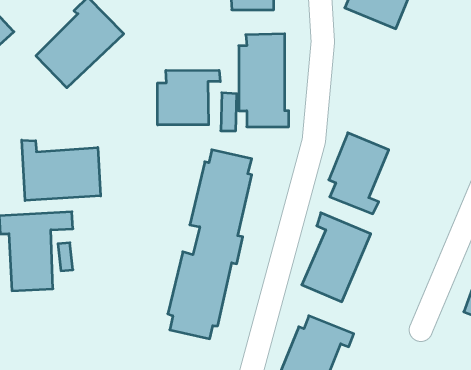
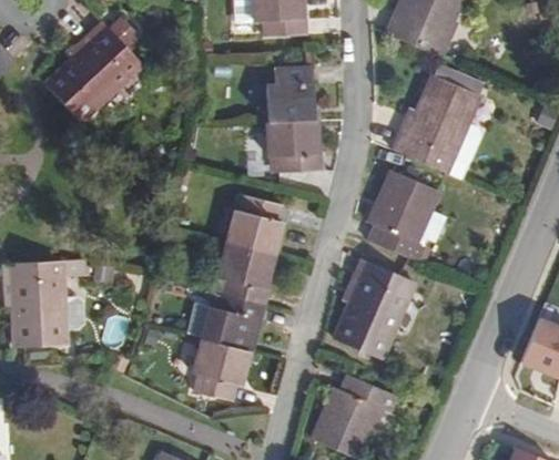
building: none -> [392,62,486,175]
building: [158,70,220,125] -> none
building: [22,140,101,201] -> none

